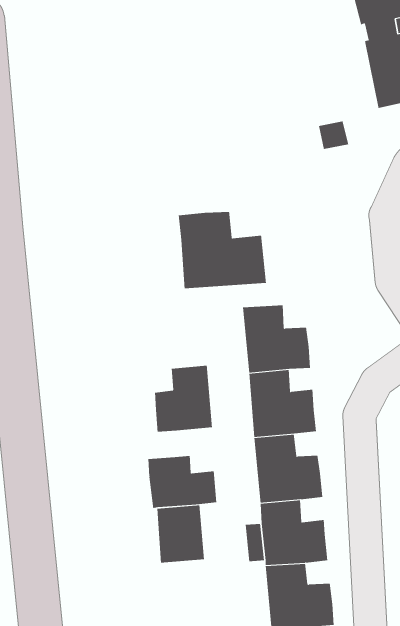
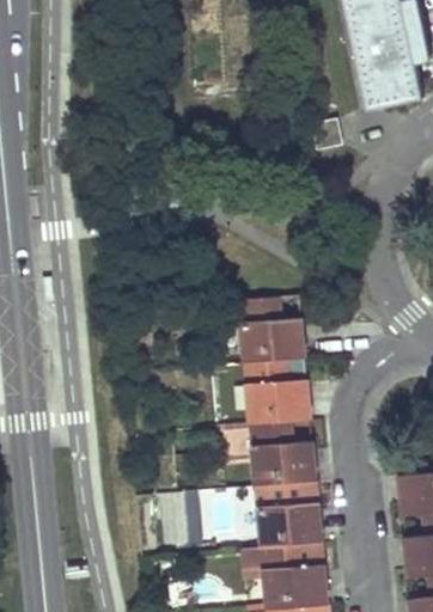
building: [178,211,266,289] -> none
building: [154,365,213,433] -> none
building: [148,455,217,509] -> none

